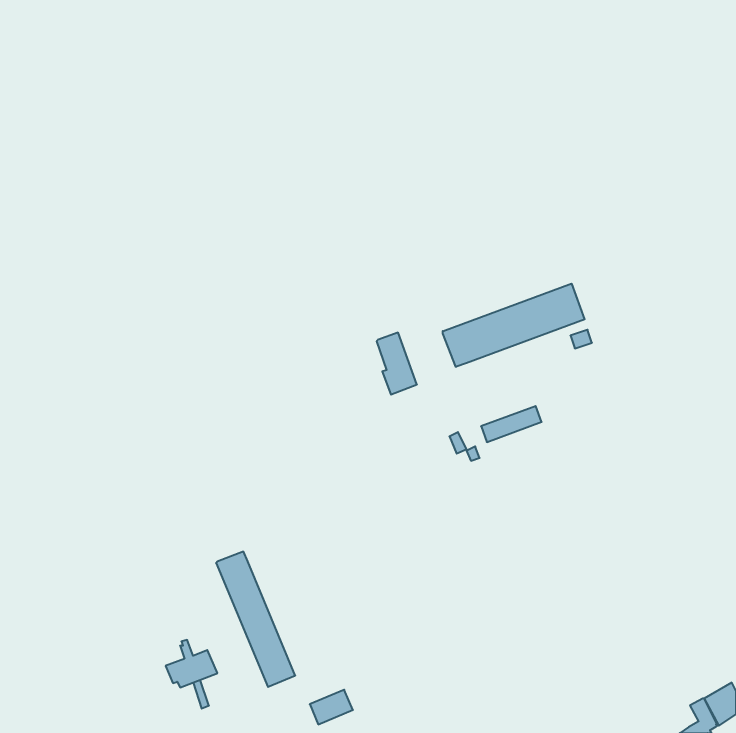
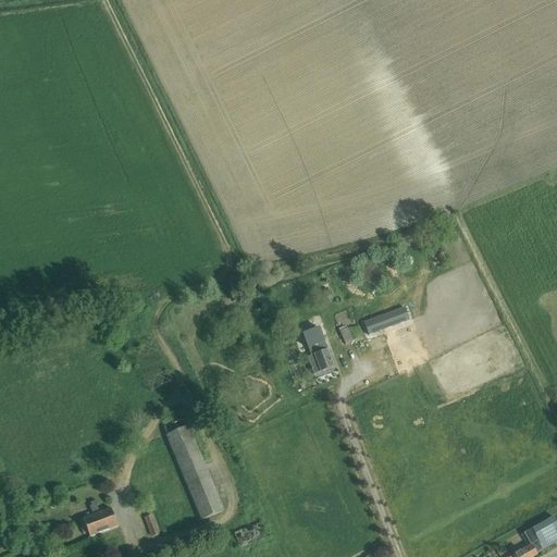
building: [443,284,585,367] -> none
building: [377,333,417,395] -> [302,326,333,373]
building: [166,640,217,687] -> [78,499,117,535]

